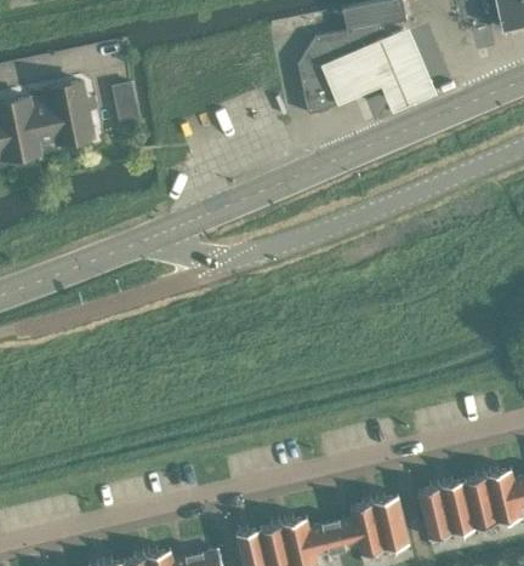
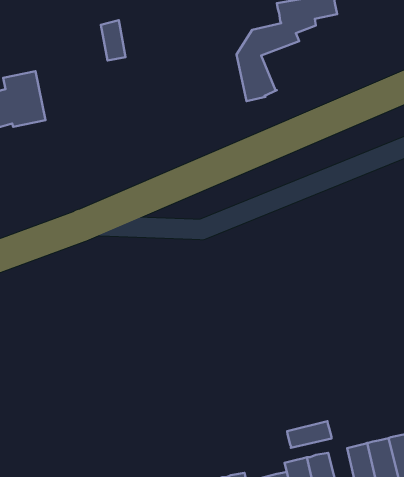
building: [326,29,435,113] -> none
building: [113,84,139,127] -> [101,20,125,60]
building: none -> [287,421,332,448]

